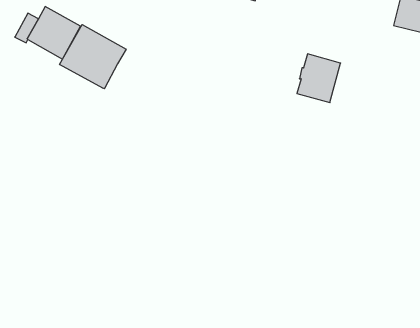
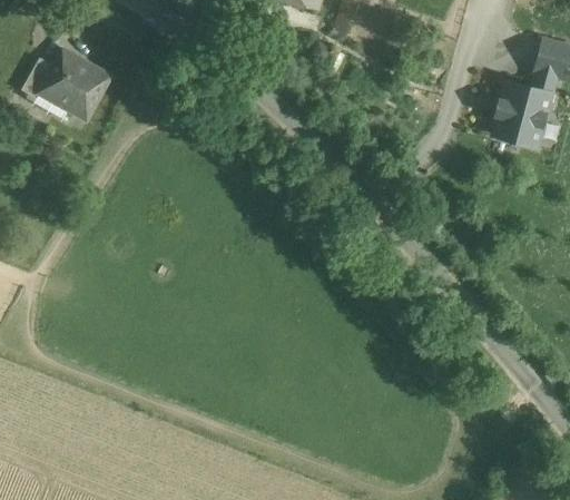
building: [60,25,126,89] -> none
building: [297,54,341,103] -> [491,81,550,147]

